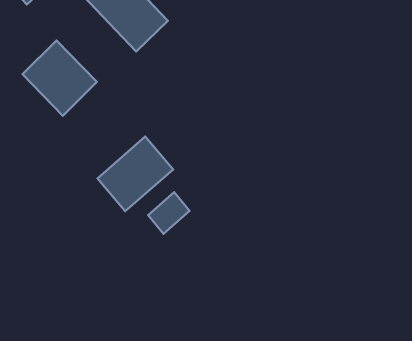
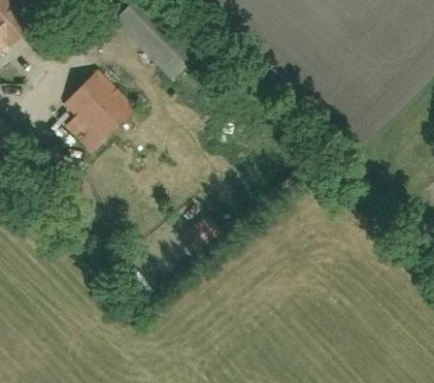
building: [97,136,173,211] -> none

